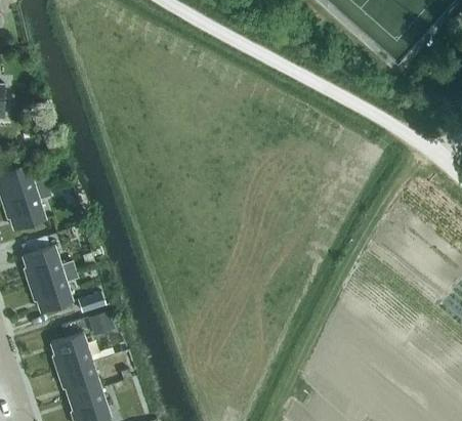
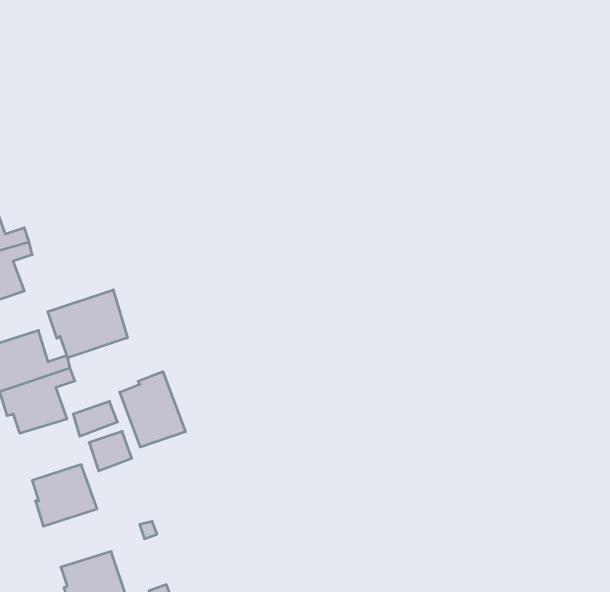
building: none -> [48,290,127,358]
building: none -> [120,372,185,447]
building: [57,362,101,399] -> none

